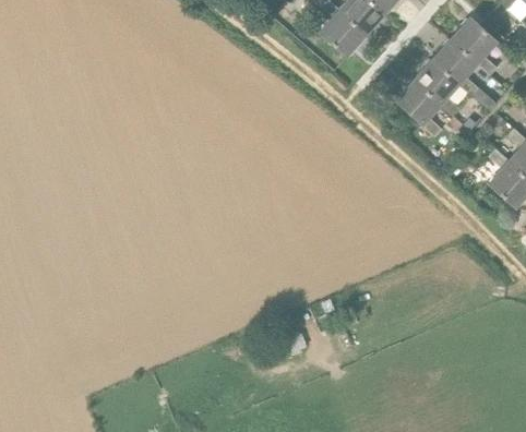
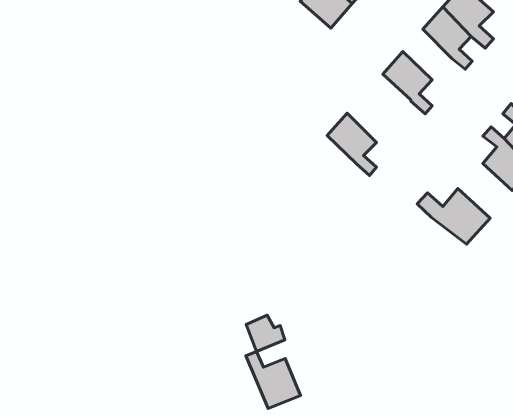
building: [415,58,461,116] -> [327,113,376,175]
building: none -> [417,189,490,244]
building: none -> [246,351,301,409]

